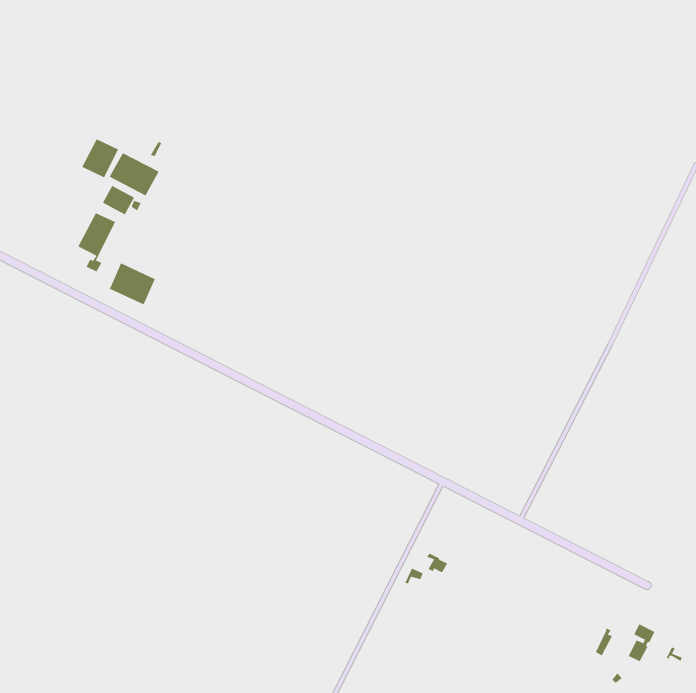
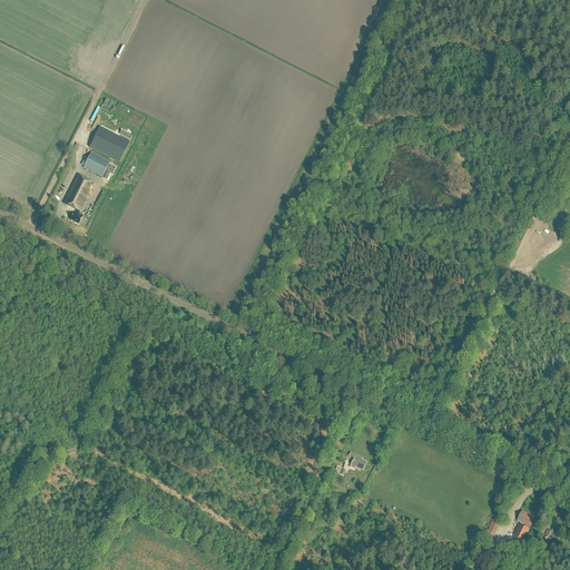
building: [82,138,119,178] -> none
building: [109,263,155,305] -> none

